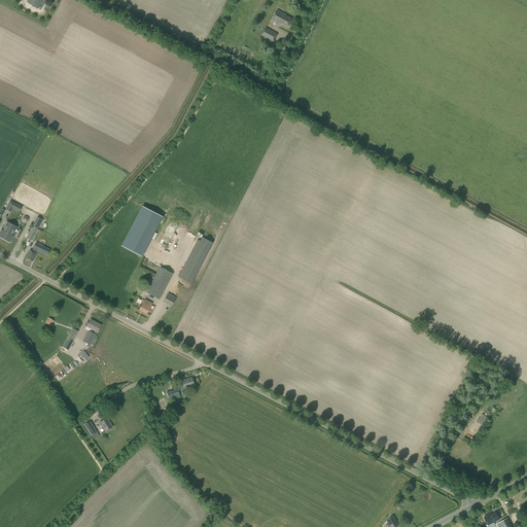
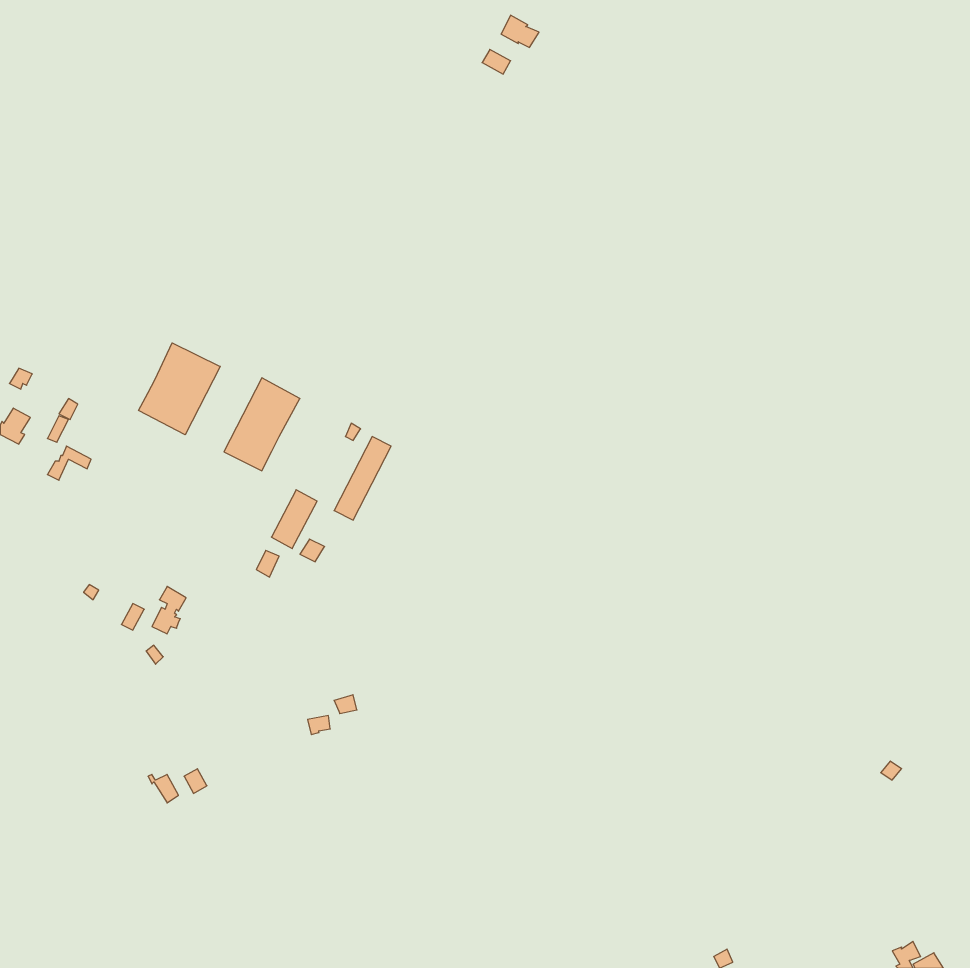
building: none -> [139,343,220,435]

